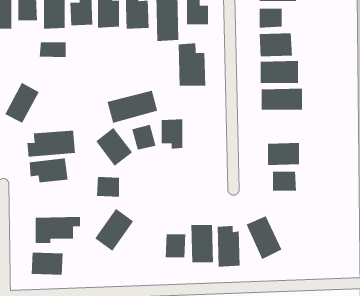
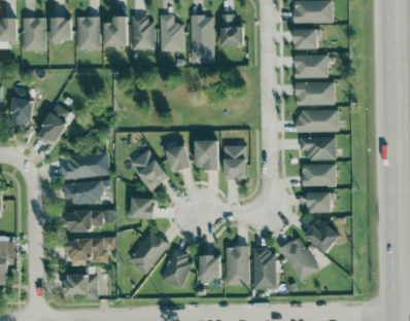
building: [39,42,67,58] -> none
building: [178,43,206,87] -> none
building: [106,90,158,124] -> none
building: none -> [300,136,336,160]
building: none -> [225,145,247,180]
building: none -> [68,210,102,231]
building: none -> [305,219,341,254]
building: none -> [162,250,194,287]

